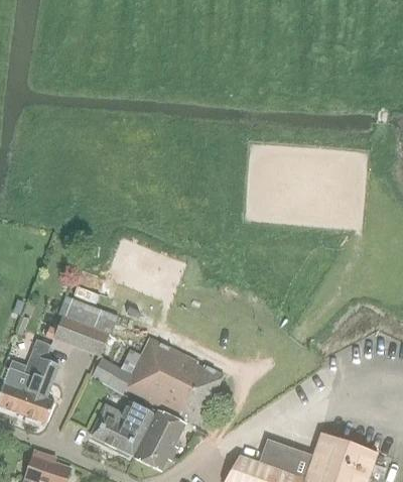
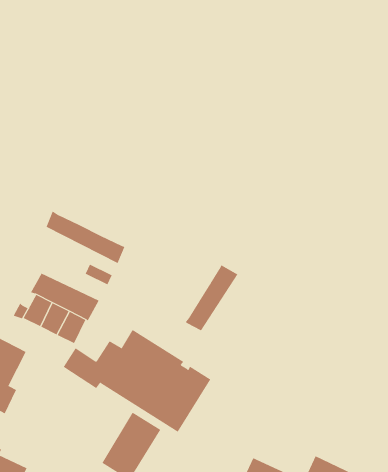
building: none -> [46,210,125,264]
building: none -> [185,265,238,331]
building: [90,400,153,457] -> none

